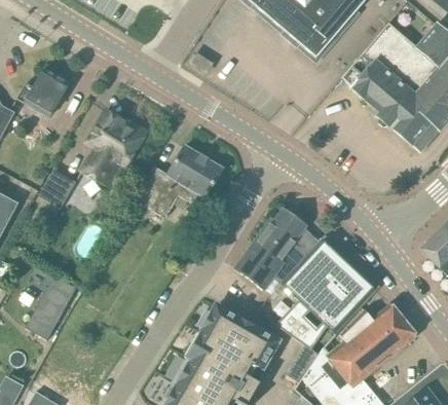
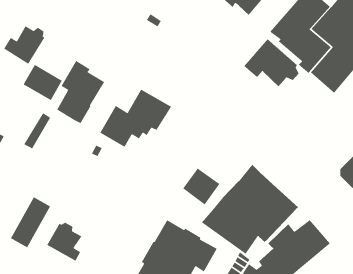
building: none -> [243,38,299,87]
building: none -> [23,64,63,101]
building: [254,208,318,259] -> none
building: none -> [46,222,82,262]

